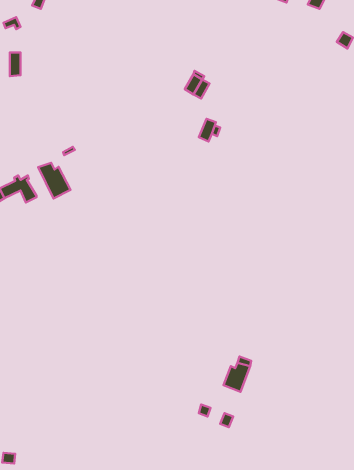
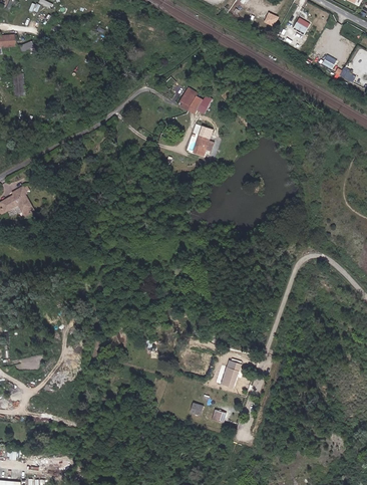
building: [38,163,70,198] -> none

